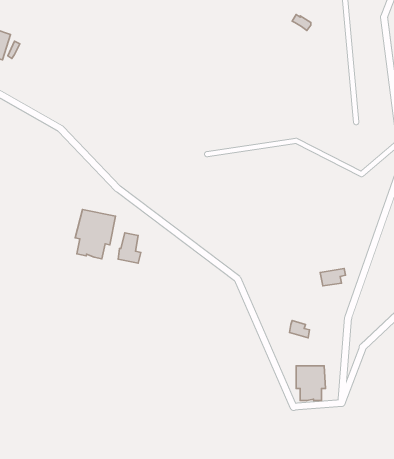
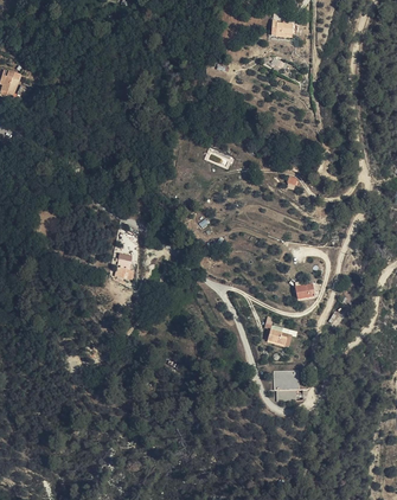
building: [75,209,115,259] -> none

